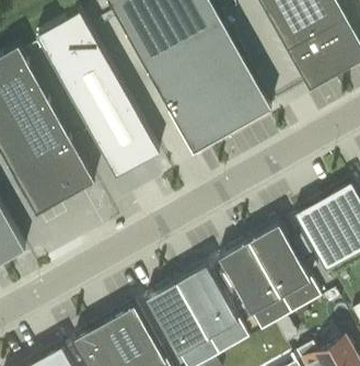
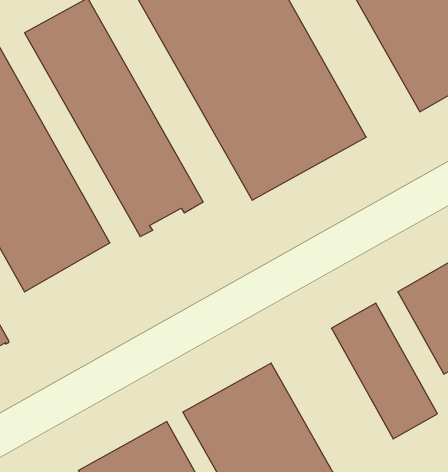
building: [218,242,291,335] -> none

